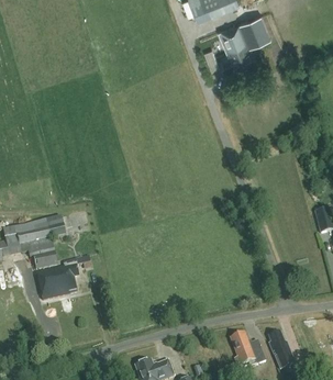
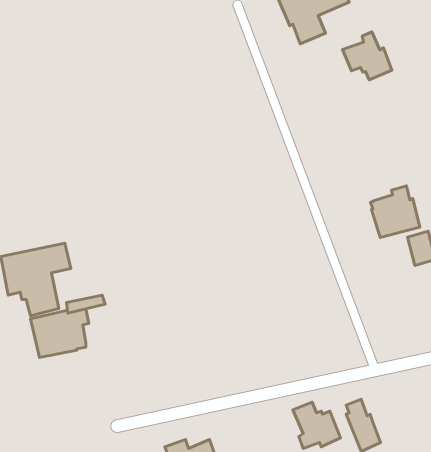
building: none -> [342,32,392,80]
building: none -> [370,186,420,238]

